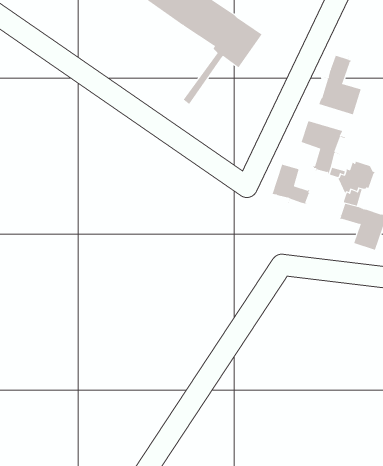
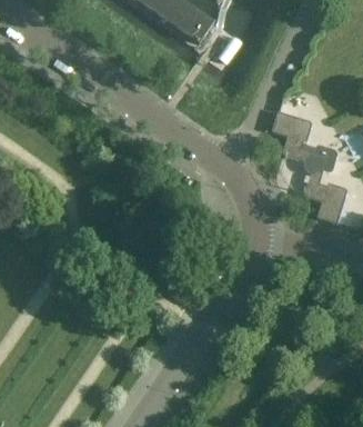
building: [316,52,362,115] -> none
building: [272,164,311,206] -> none

